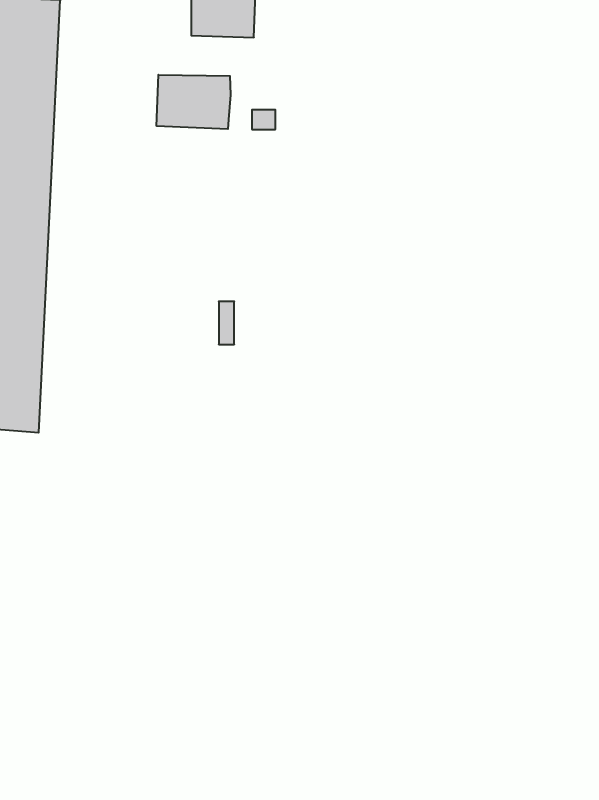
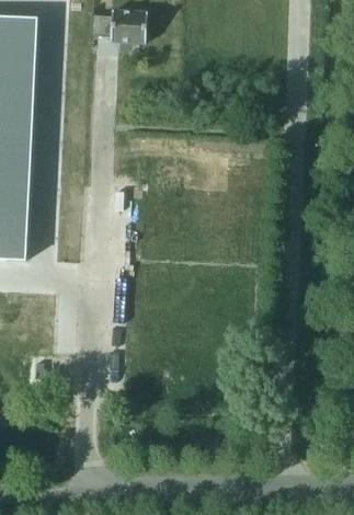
building: [157,75,231,129] -> none

